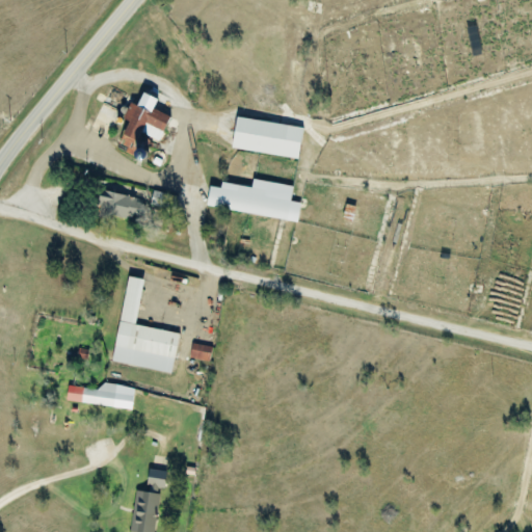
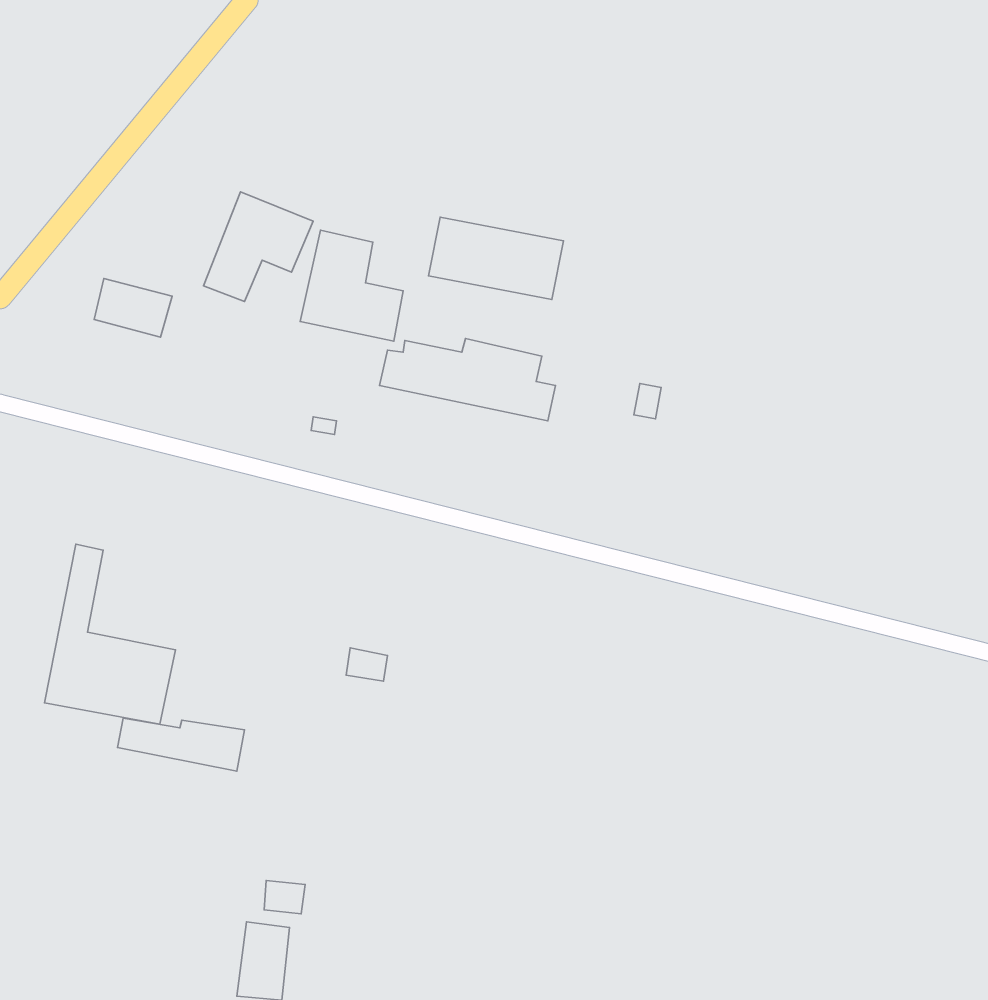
building: none -> [300,230,403,341]
building: [96,189,137,220] -> [94,278,172,337]
building: [112,276,182,372] -> [45,544,176,724]

